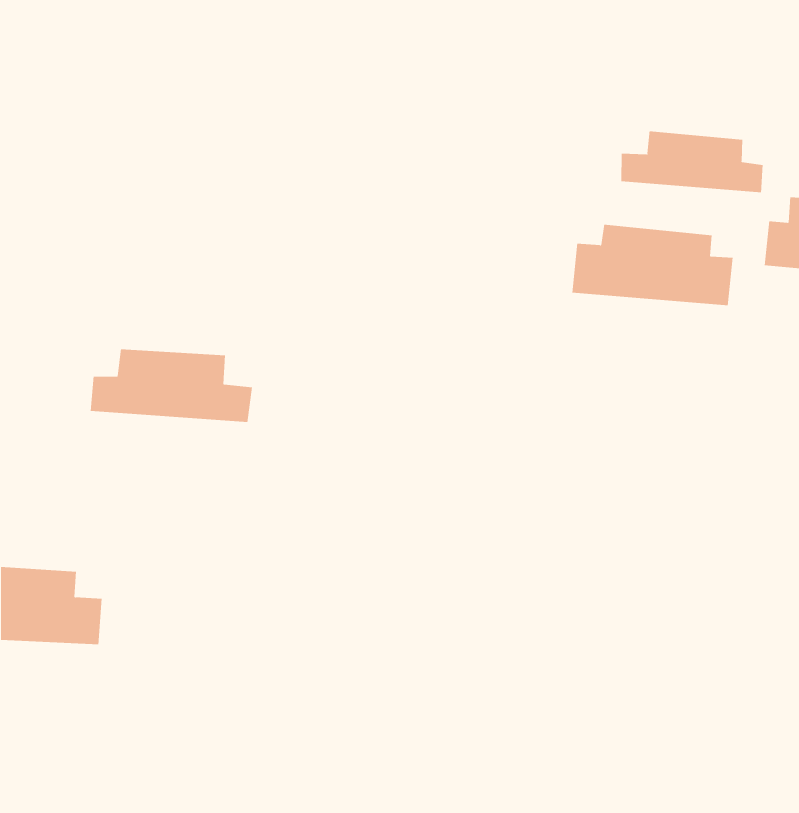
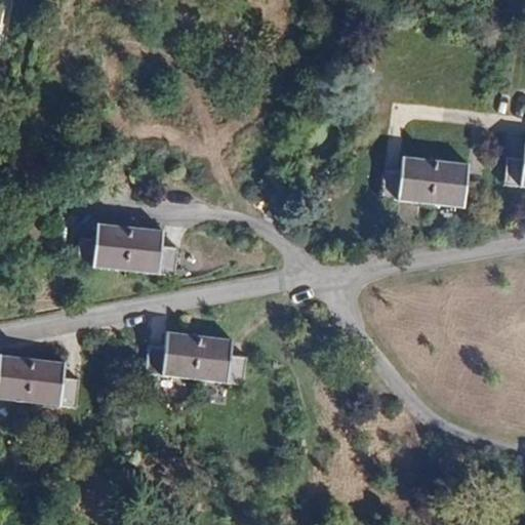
building: [621,131,763,193] -> none
building: none -> [149,333,249,382]

